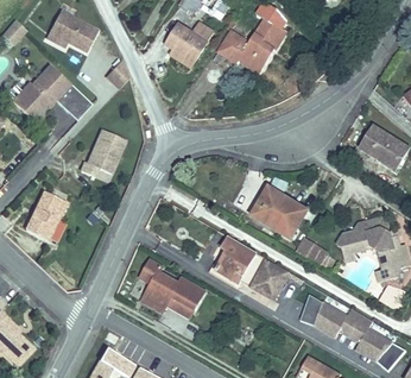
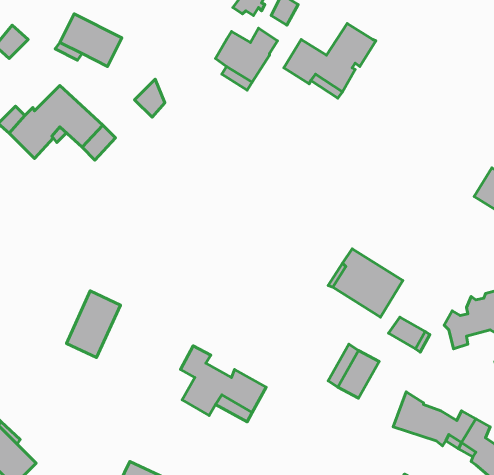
building: [81,130,126,177] -> none
building: [26,191,67,241] -> [66,291,120,358]
building: [216,237,257,283] -> none

